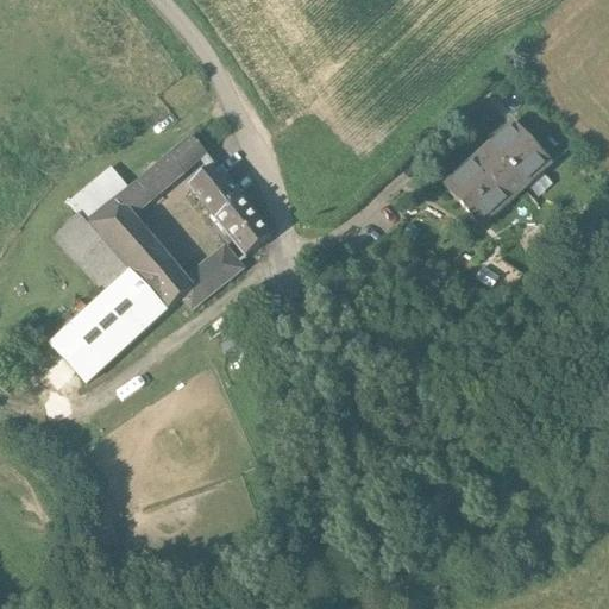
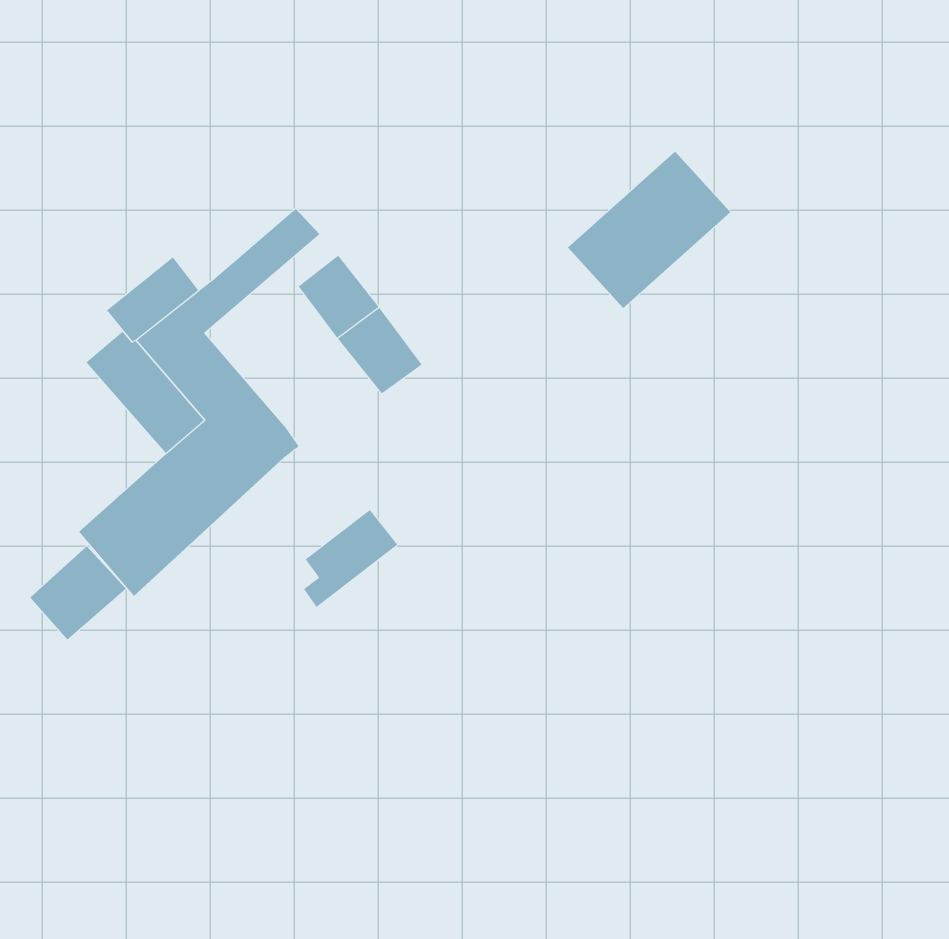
building: [446,121,551,222] -> [567,151,731,309]
building: [183,241,244,304] -> [303,509,398,608]
building: none -> [30,545,127,641]

